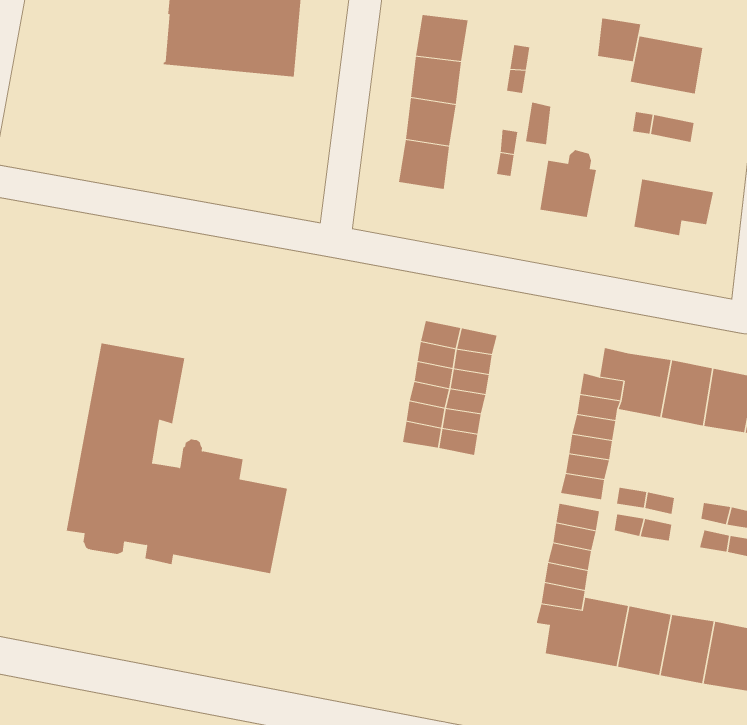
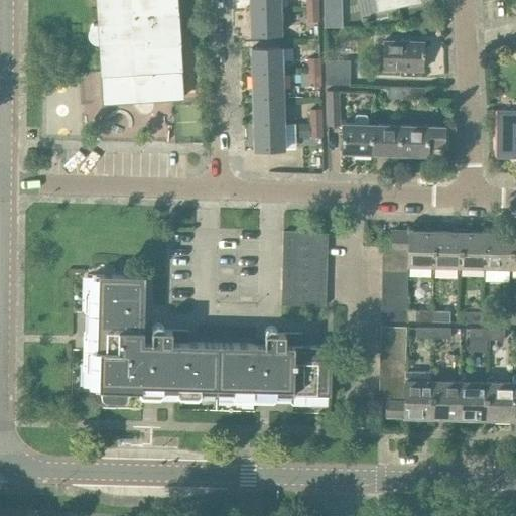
building: [597,18,641,62] -> [327,61,351,85]
building: none -> [372,125,400,155]
building: none -> [218,327,334,403]

